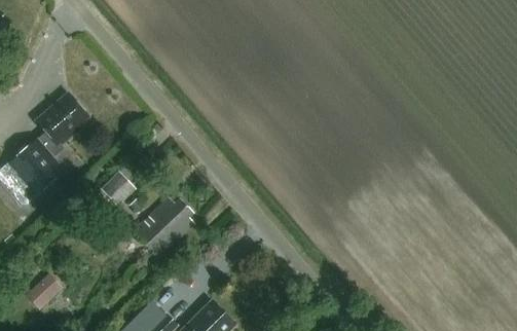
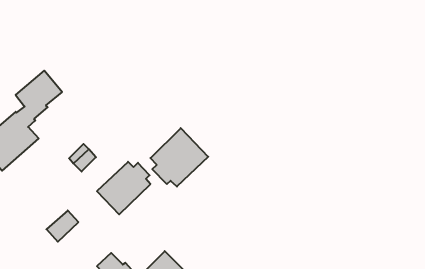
building: none -> [150,128,208,187]
building: [25,273,62,309] -> [46,210,78,242]

